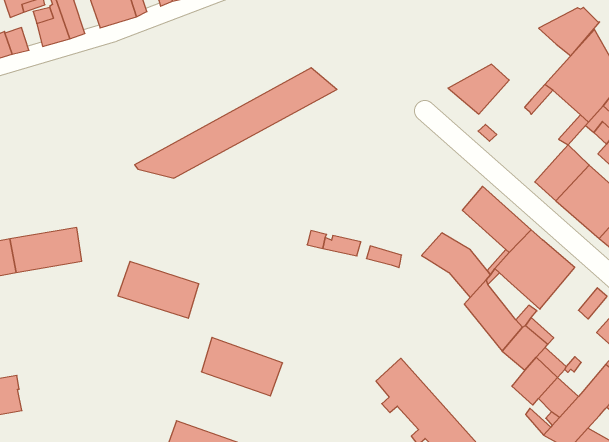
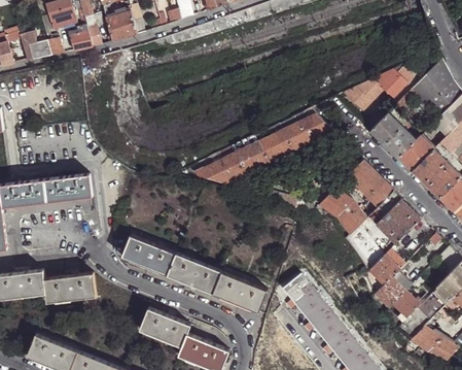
building: [539,7,600,56] -> [372,67,414,99]
building: [135,68,337,178] -> [194,114,332,183]
building: none -> [370,113,416,160]
building: [118,261,199,318] -> [121,235,176,275]
building: none -> [213,272,269,312]
building: none -> [44,274,97,304]

